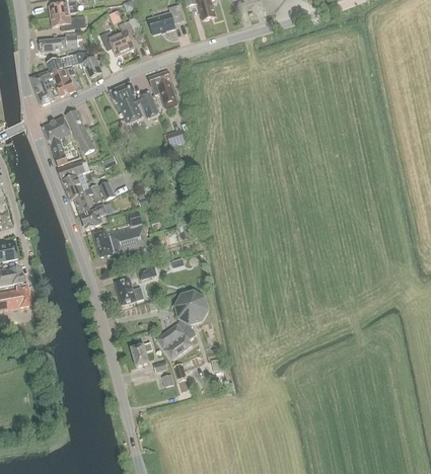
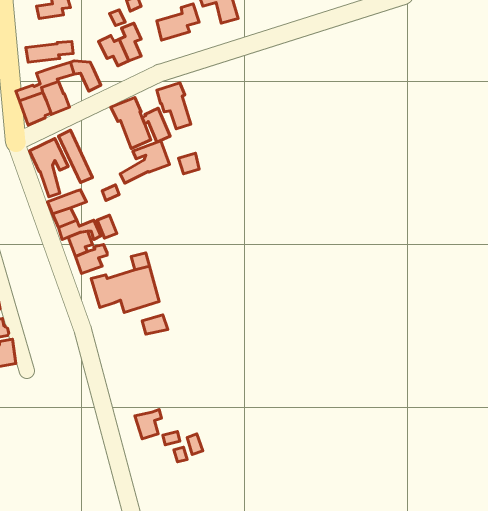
building: [50,13,85,30] -> none
building: none -> [120,141,169,183]
building: [116,278,144,305] -> none
building: [156,292,208,360] -> none

